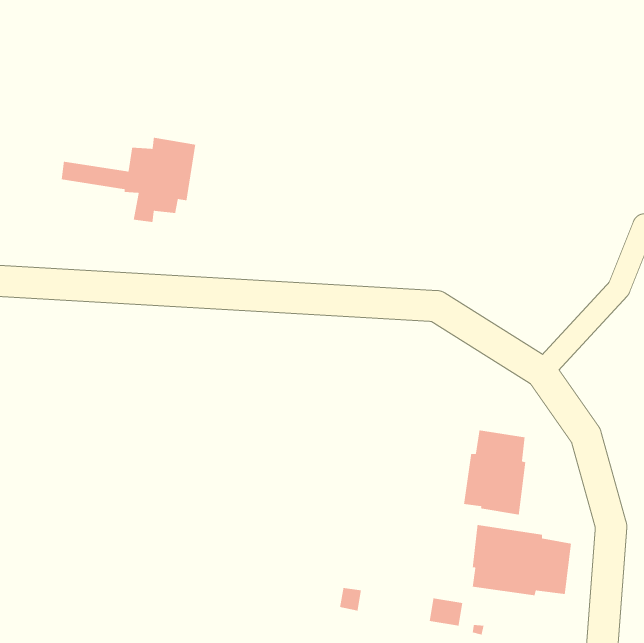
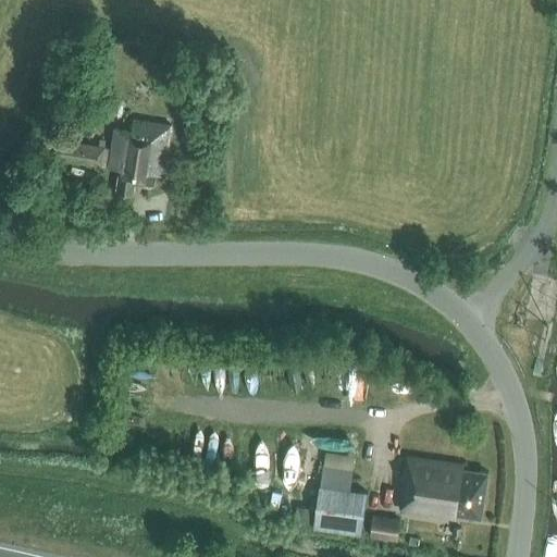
building: [463,430,526,515] -> none
building: none -> [311,467,364,537]

